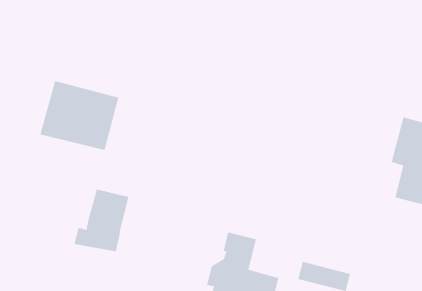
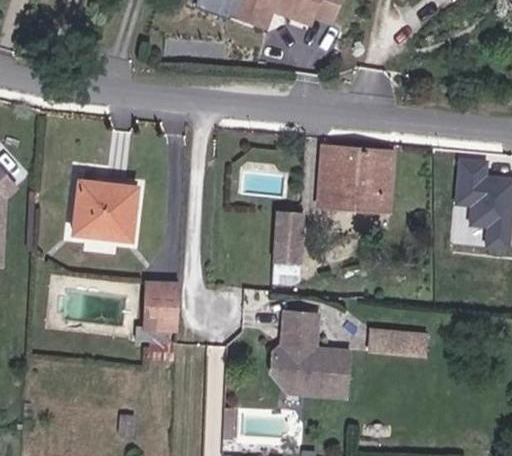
building: none -> [324,148,392,214]
building: none -> [272,212,306,286]

